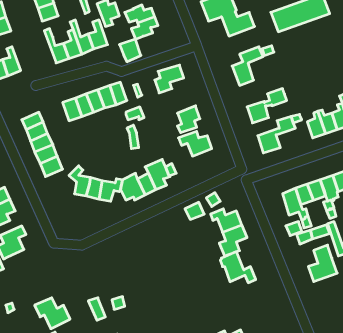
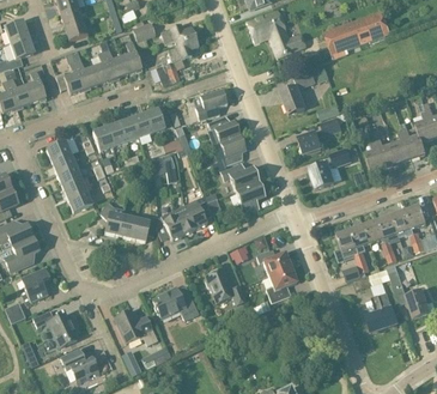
building: none -> [56,51,85,92]
building: none -> [208,115,241,145]
building: none -> [236,183,265,216]
building: none -> [154,290,200,321]
building: [220,252,256,283] -> [206,269,245,304]
building: none -> [35,311,78,348]
building: none -> [116,311,158,346]

